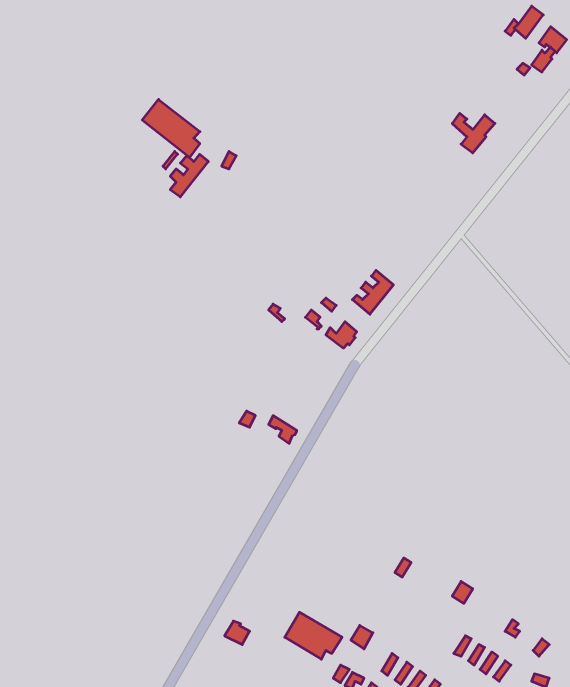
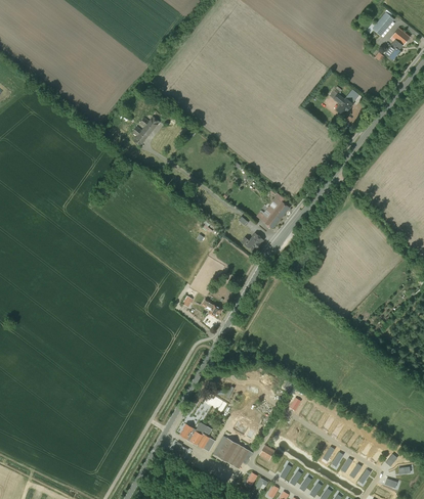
building: [142,99,200,158] -> none
building: none -> [179,422,215,452]

